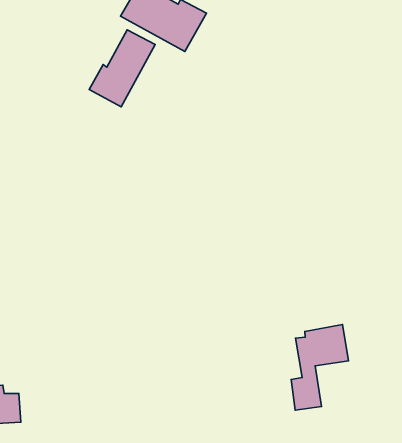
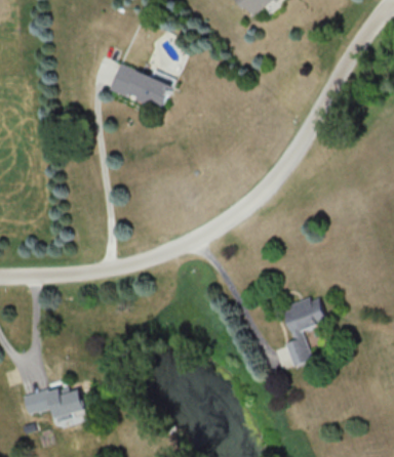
building: [89,30,155,107] -> none

